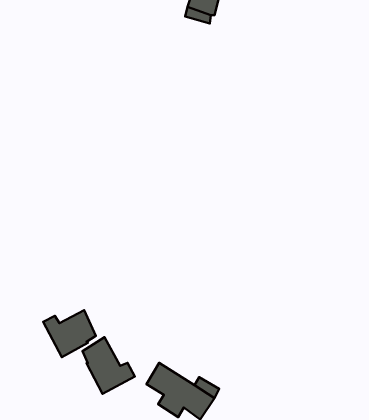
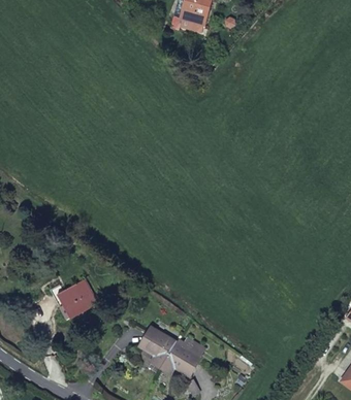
building: [83,337,135,394] -> none

